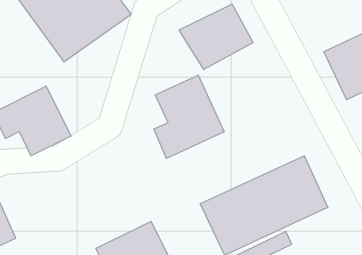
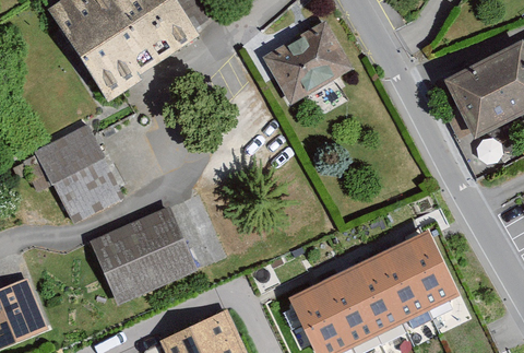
building: [154,75,224,158] -> none
building: none -> [91,209,198,310]

